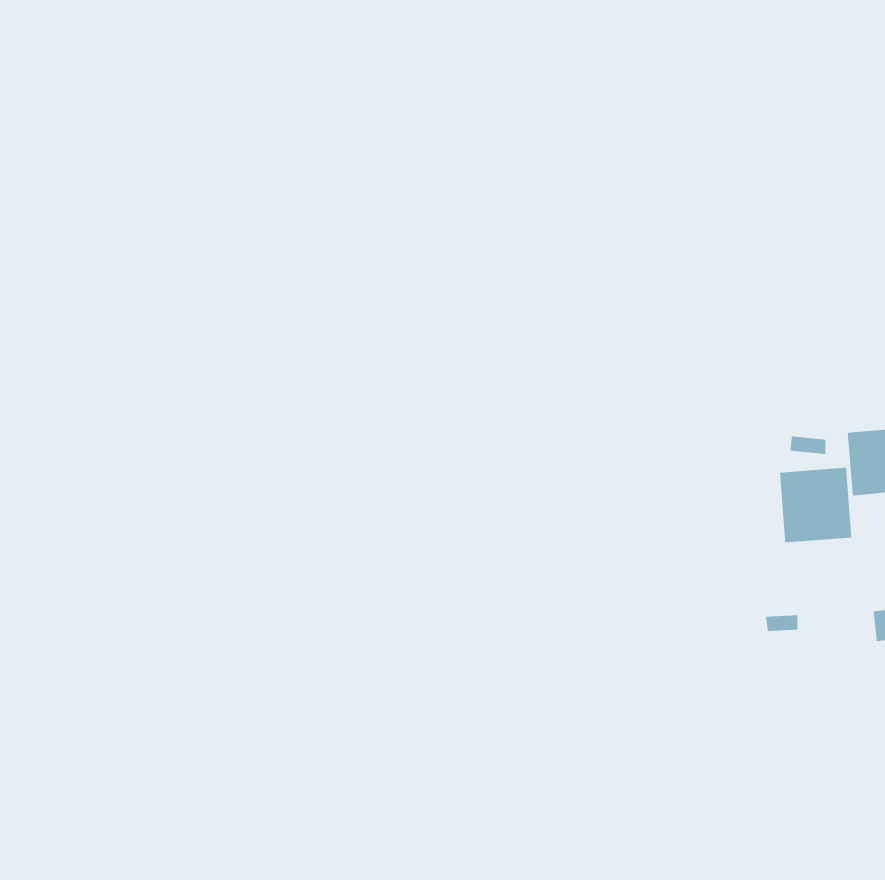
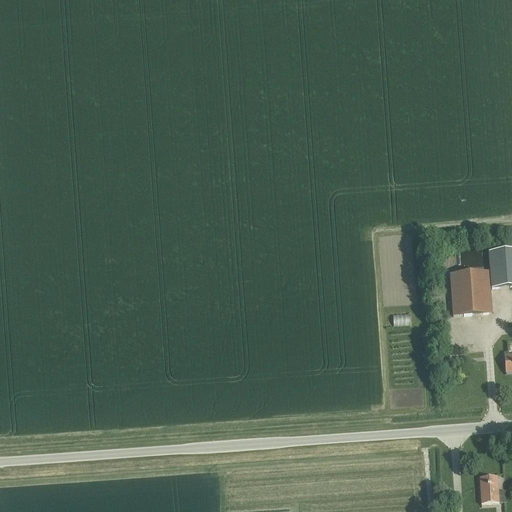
building: none -> [480,474,499,502]

